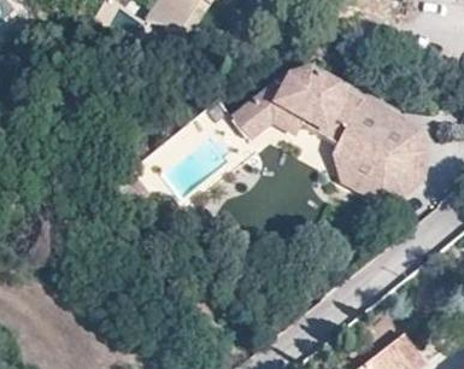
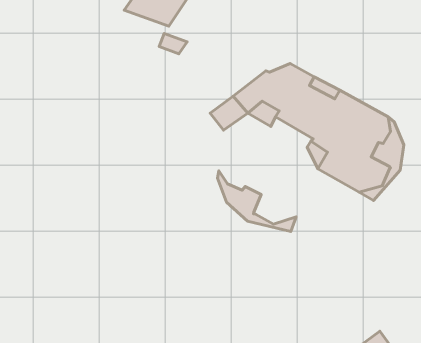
building: none -> [218,171,296,232]

